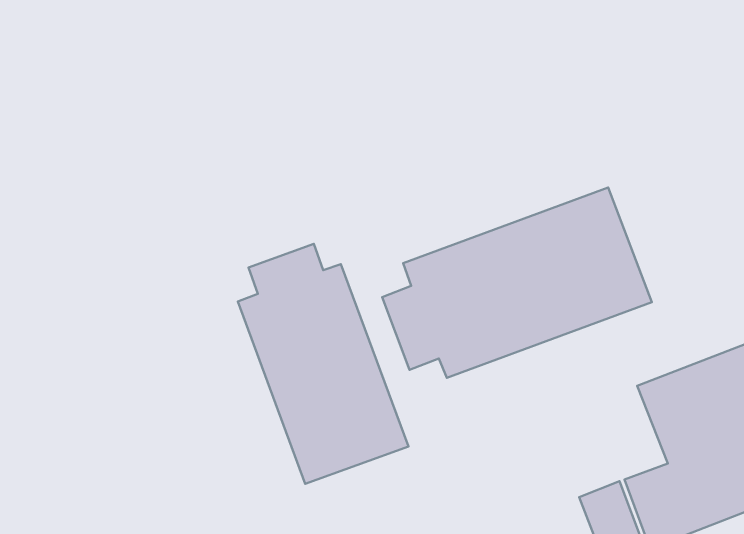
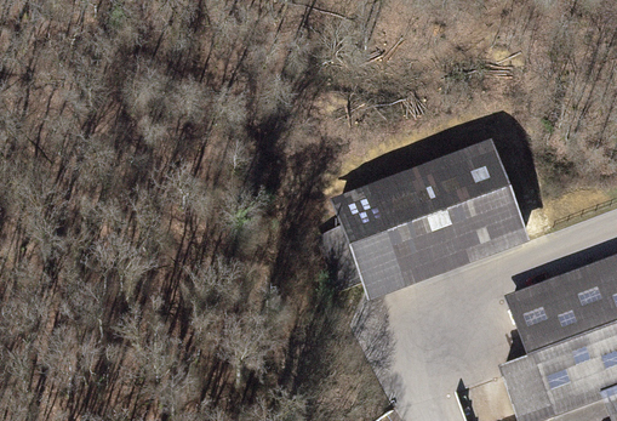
building: [238,244,408,484] -> none

